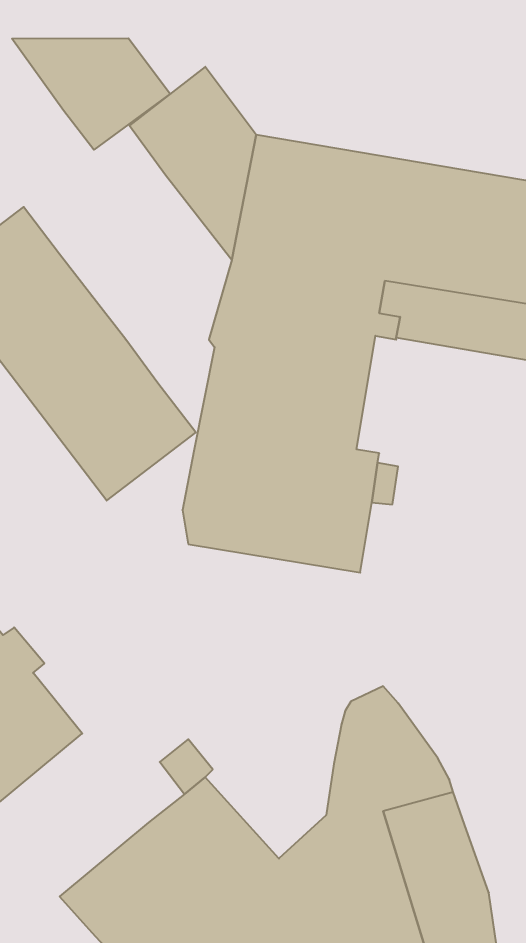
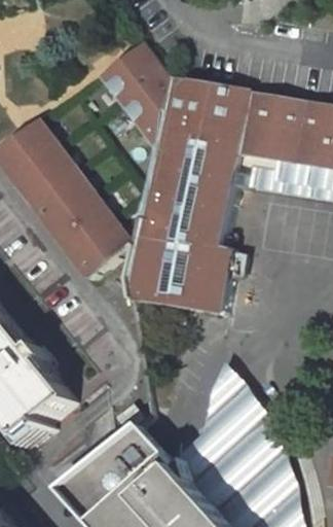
building: [12,38,170,150] -> none

